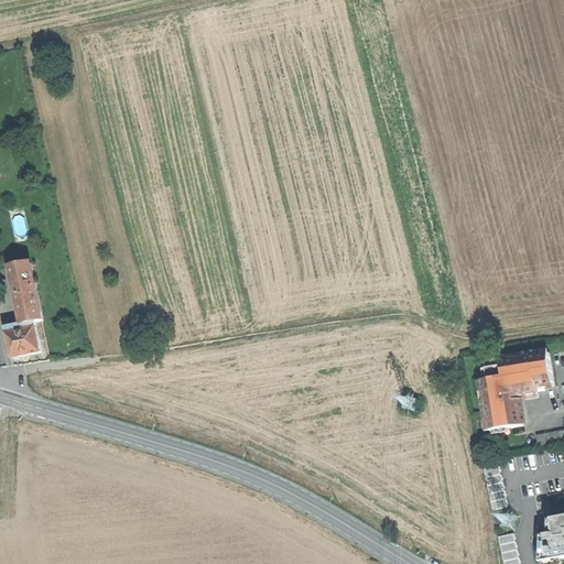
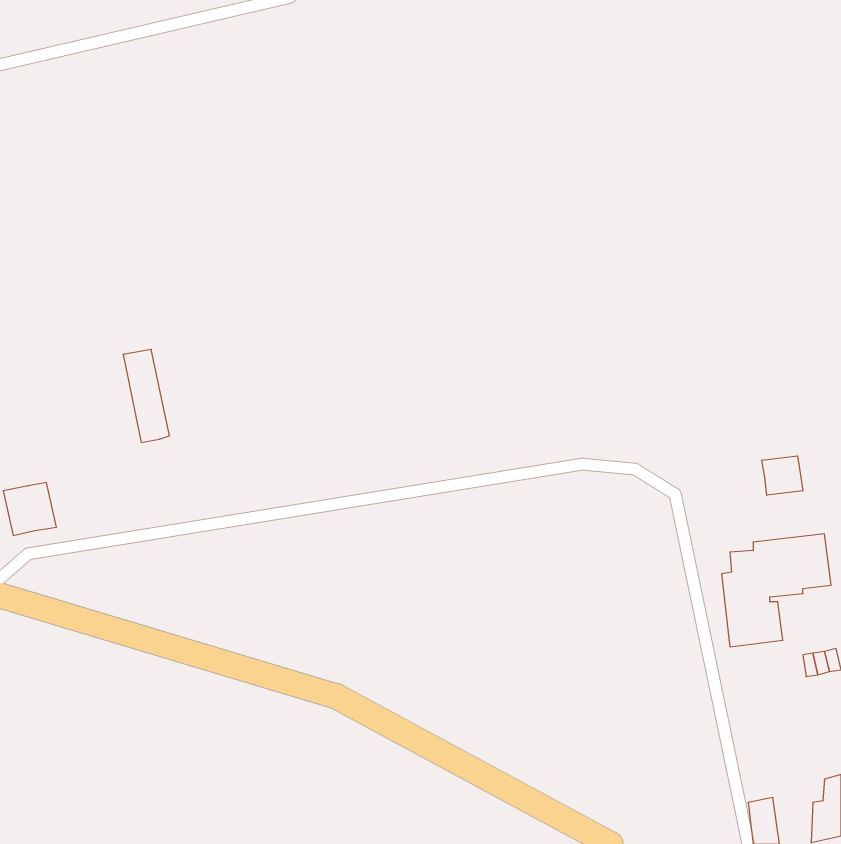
building: [7,261,37,323] -> [123,349,169,442]
building: none -> [762,456,803,495]

